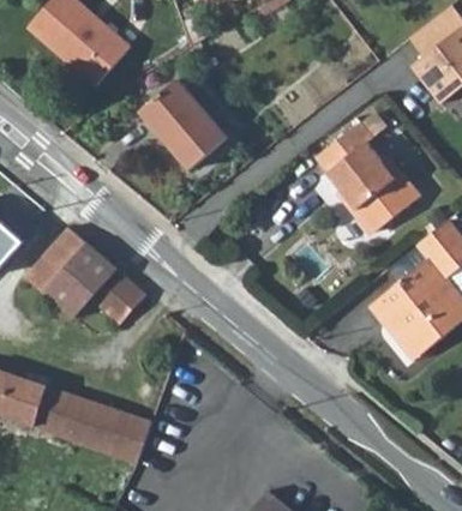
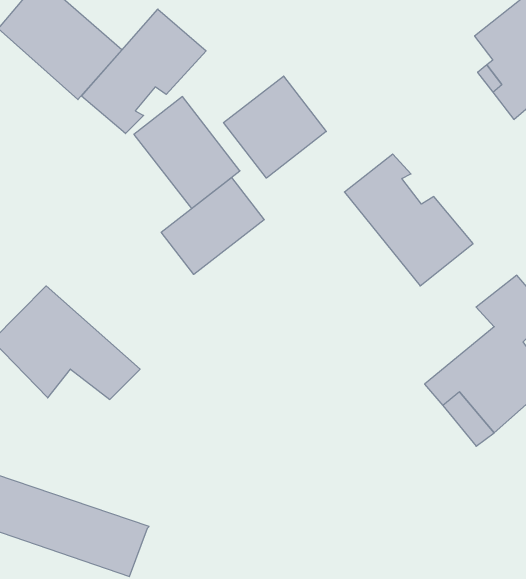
building: none -> [81,9,206,134]
building: none -> [224,76,326,178]
building: none -> [161,178,264,274]

